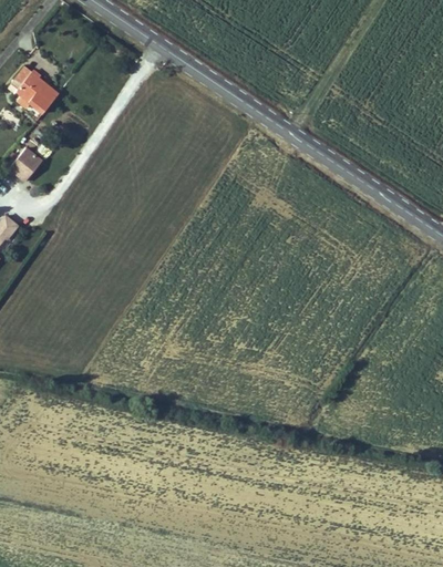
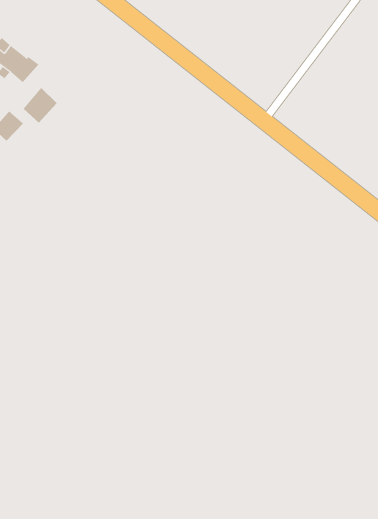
building: none -> [23,87,58,124]

